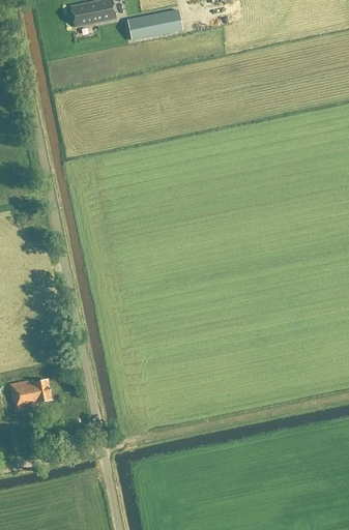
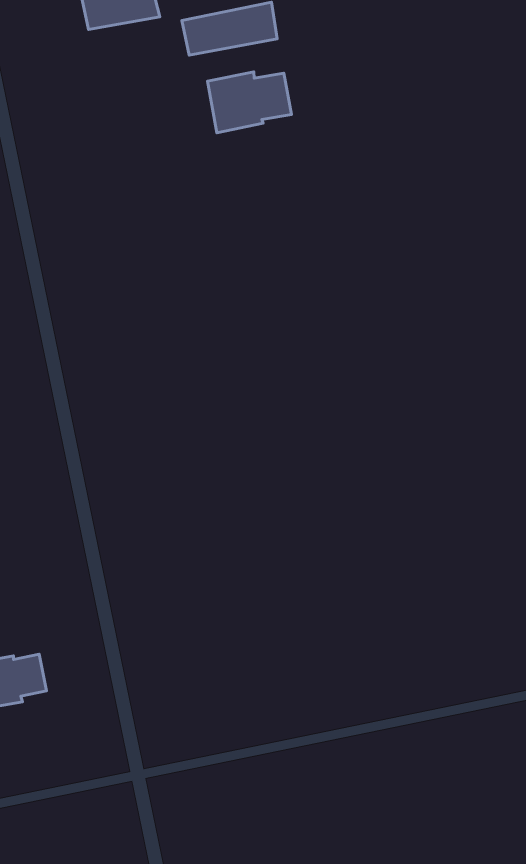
building: none -> [207,72,292,133]

